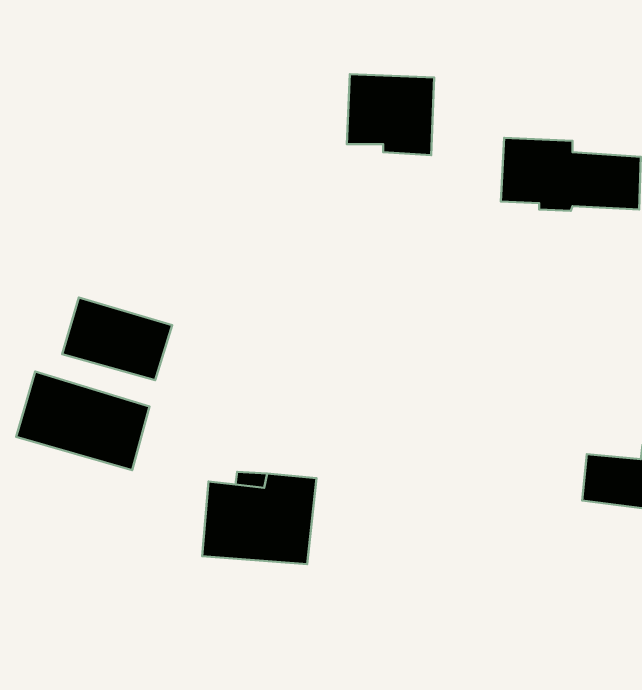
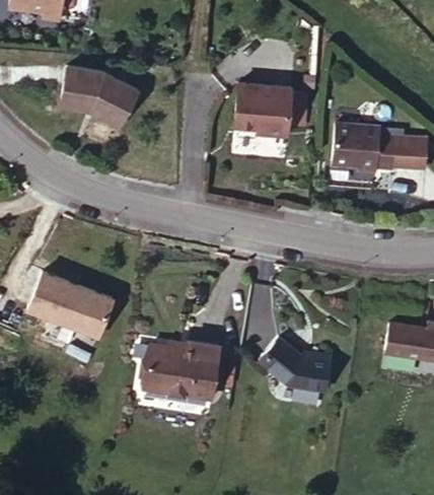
building: none -> [63,67,141,125]
building: [62,297,172,380] -> none
building: none -> [260,340,331,386]

